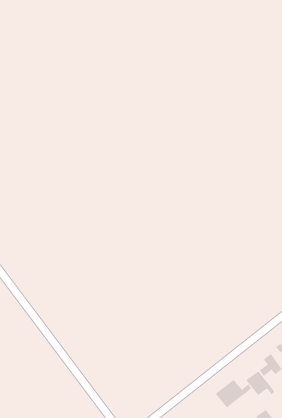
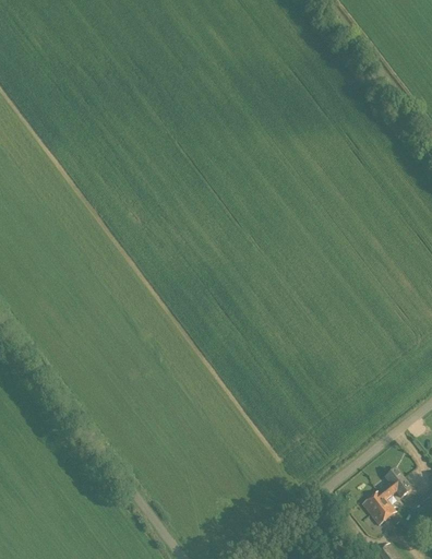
building: [215,379,252,408] -> none

